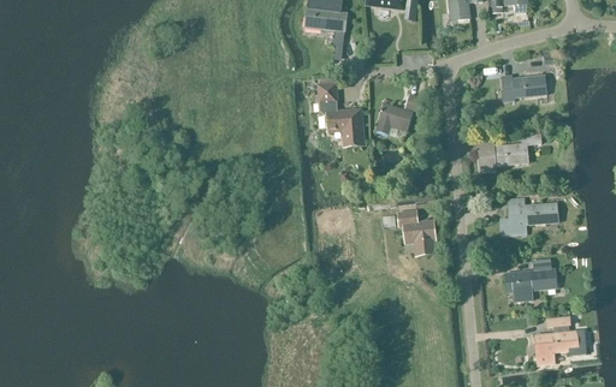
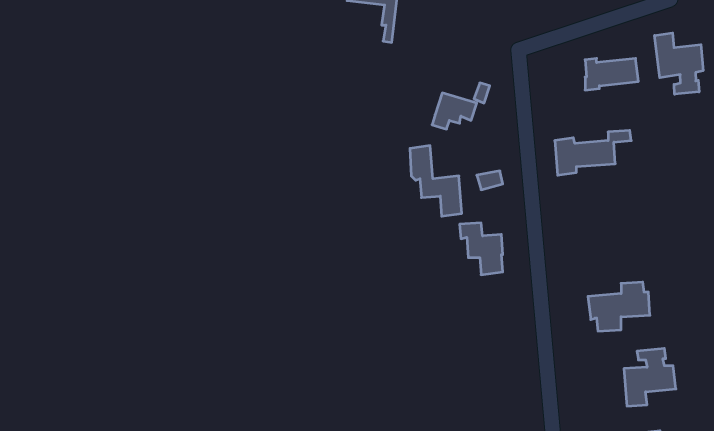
building: none -> [655,33,703,94]
building: [319,84,362,143] -> [410,146,462,216]
building: [502,197,558,234] -> none

